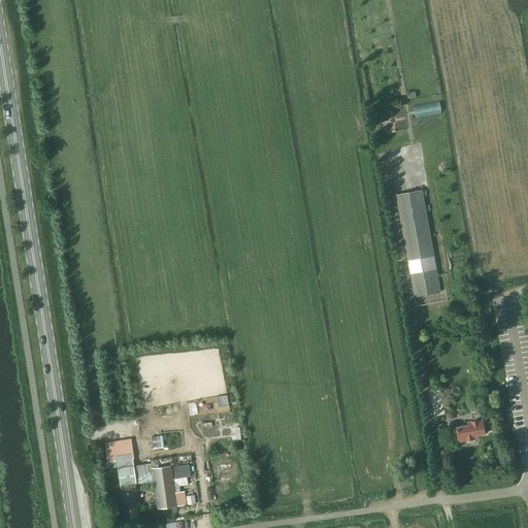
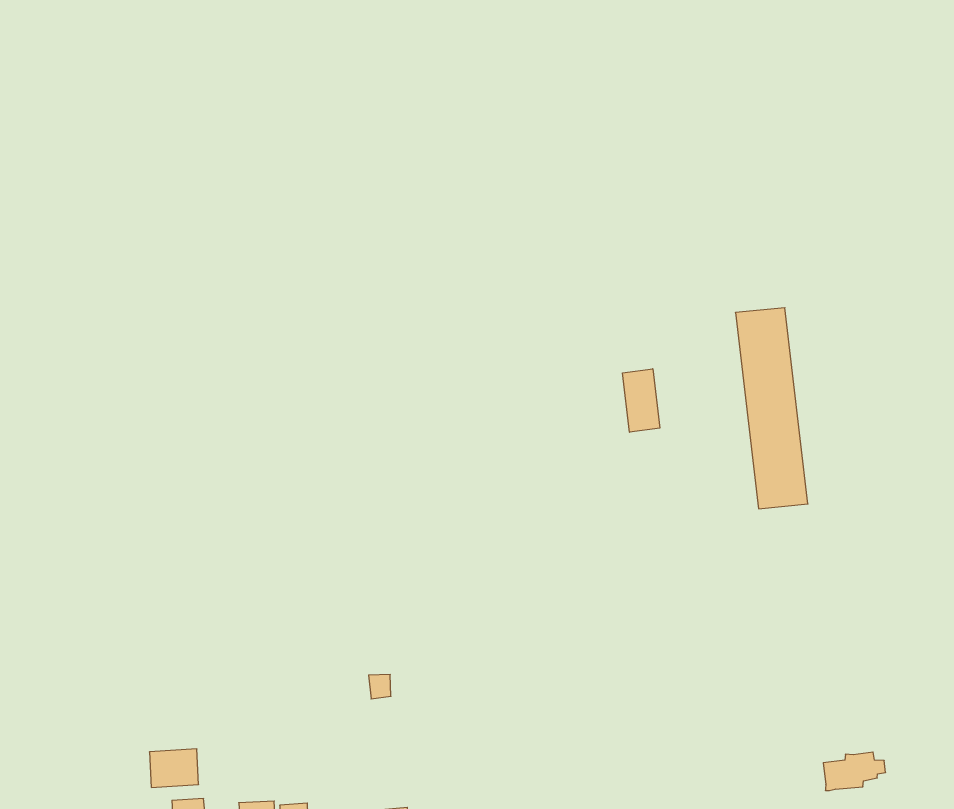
building: none -> [623,369,660,432]

